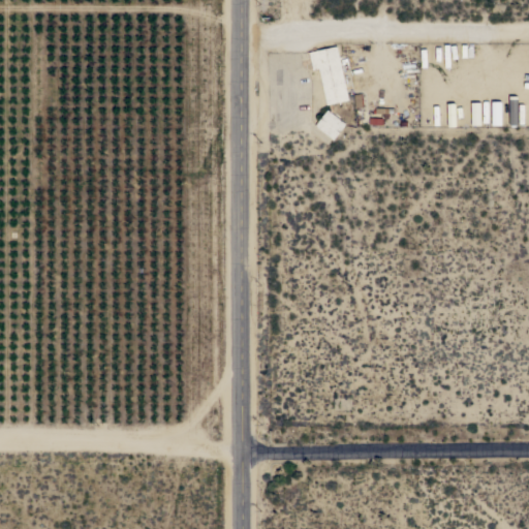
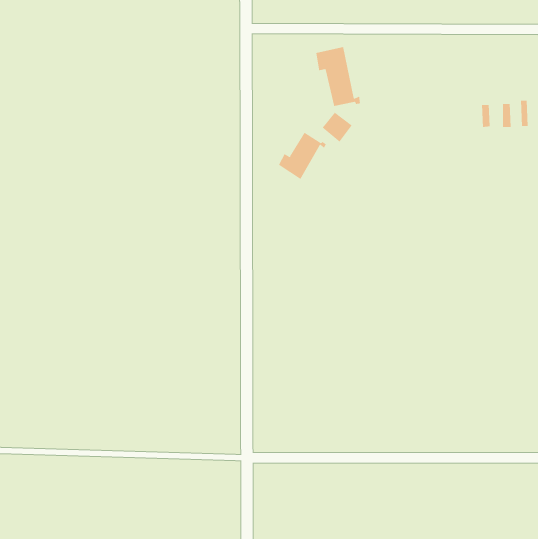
building: none -> [278,132,327,180]

